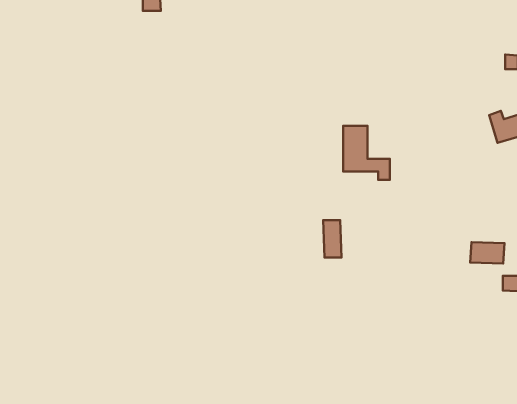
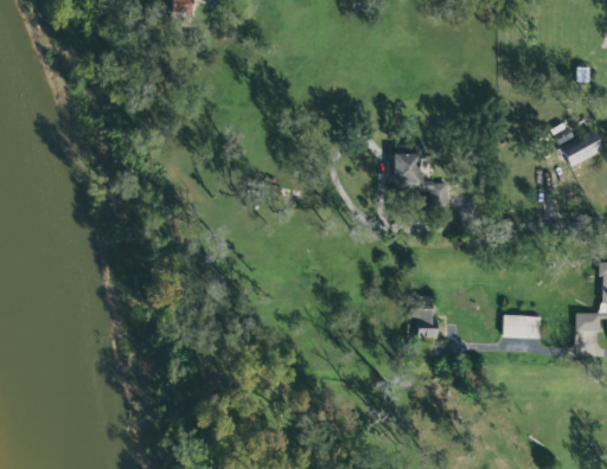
building: [323,220,341,257] -> [416,297,436,339]
building: [470,242,504,264] -> [503,315,541,339]

